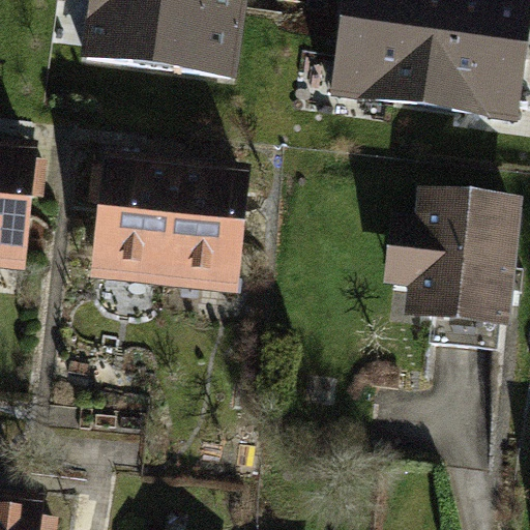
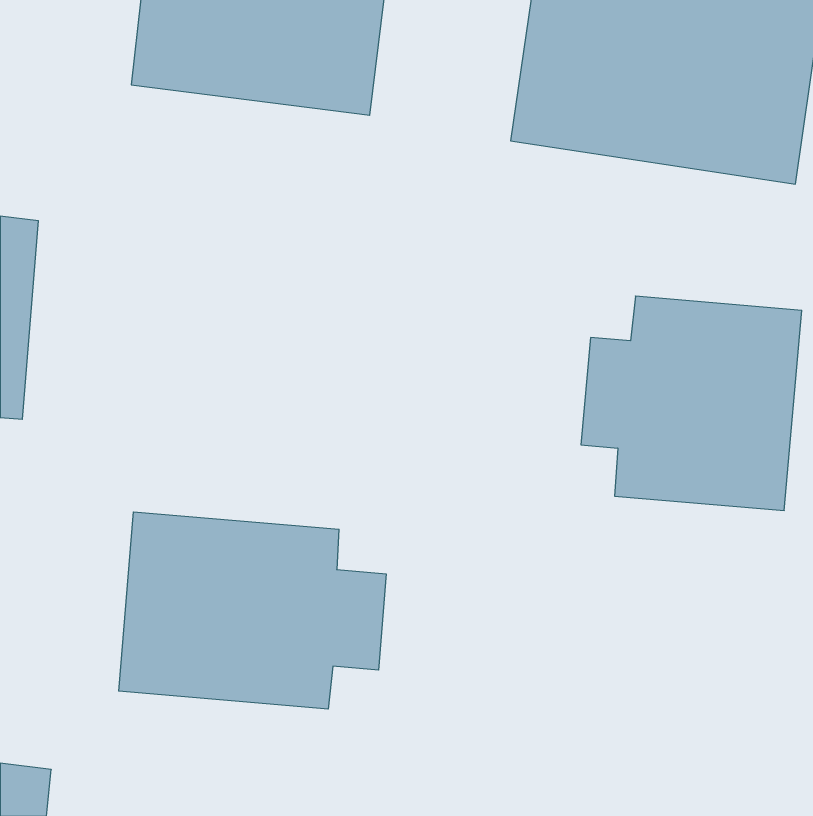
building: [87,155,245,294] -> none
building: none -> [119,512,386,709]

